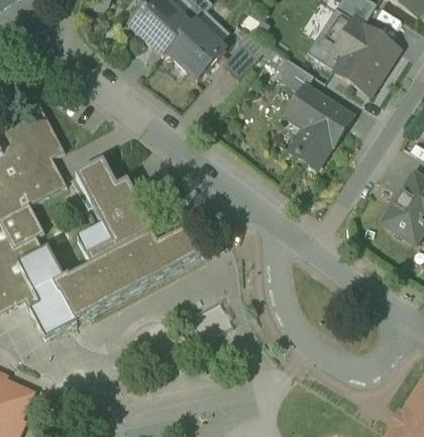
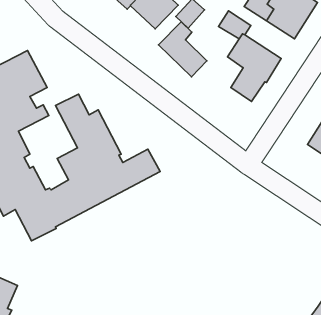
building: none -> [158,22,207,77]

